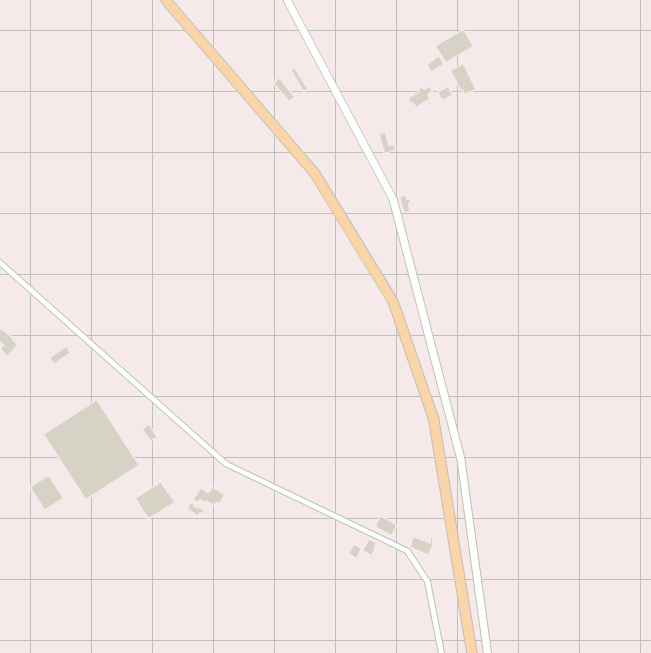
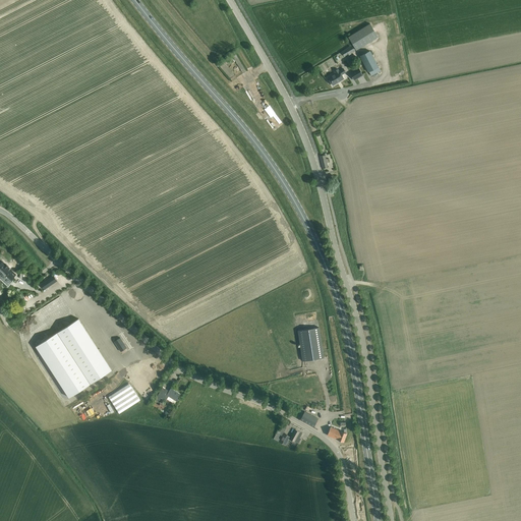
building: none -> [297,328,323,361]
building: [30,475,64,510] -> none

